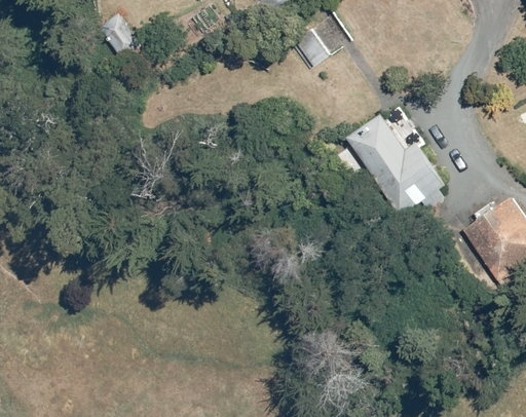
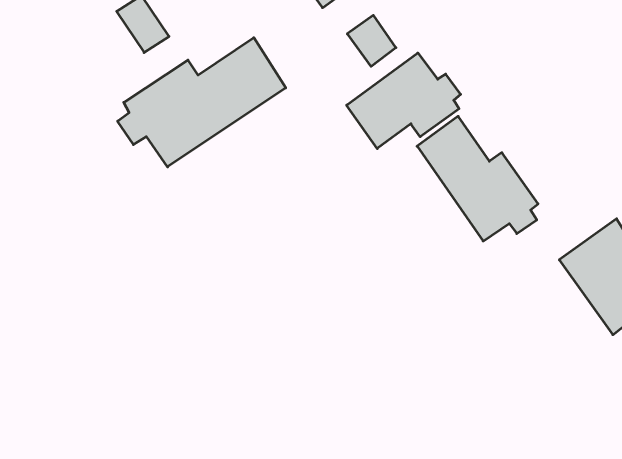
building: none -> [118,38,286,167]
building: none -> [347,53,461,149]

